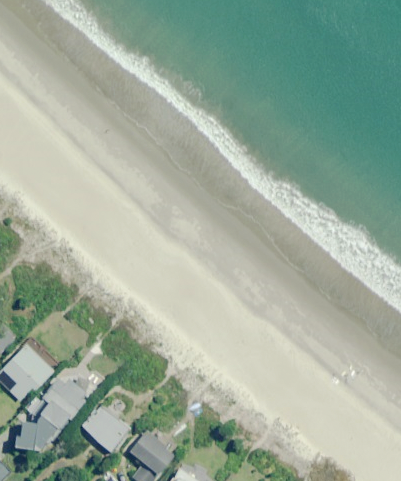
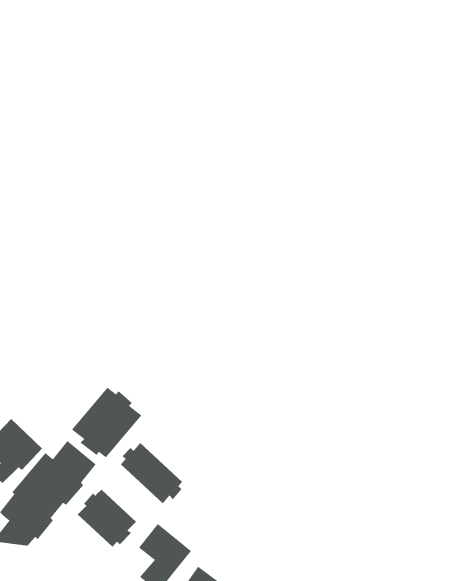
building: none -> [71,387,142,458]
building: none -> [120,442,183,504]

